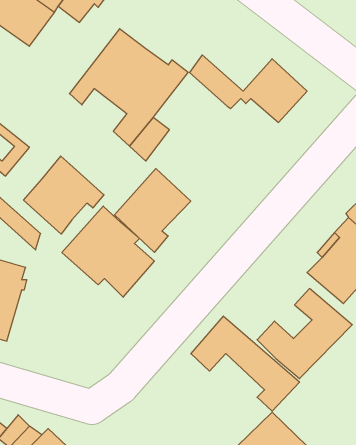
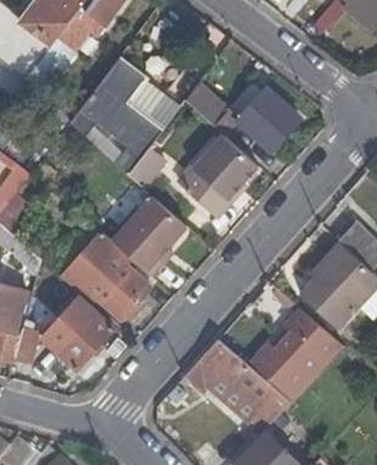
building: none -> [176,134,256,216]
building: [24,156,104,234] -> none
building: none -> [42,297,113,368]

